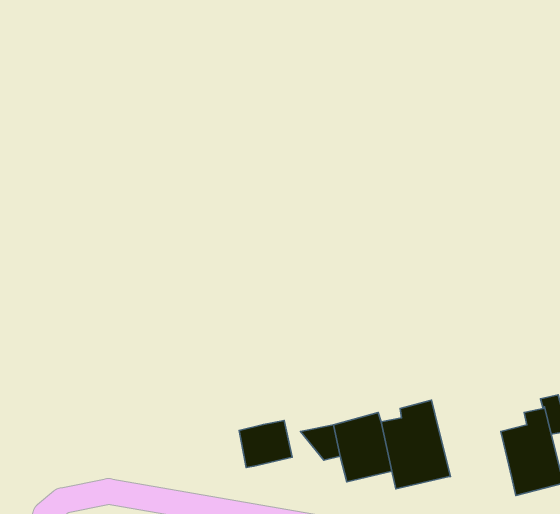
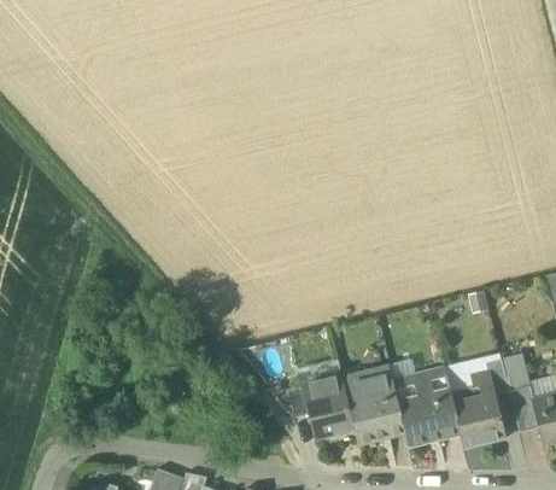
building: none -> [396,366,461,447]
building: [239,421,292,468] -> none

